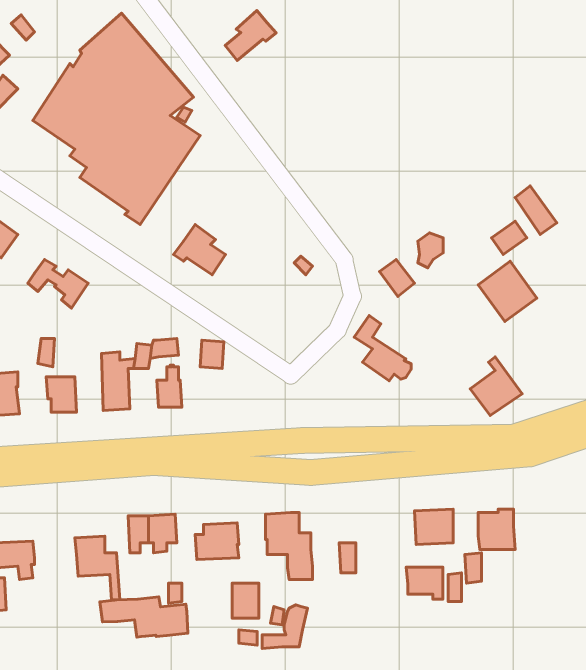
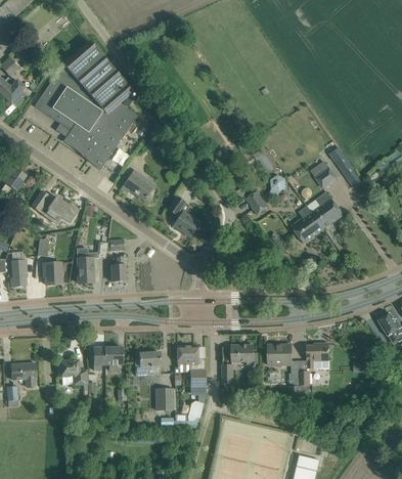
building: [225,10,276,60] -> none
building: [354,315,411,381] -> [168,195,203,235]
building: [470,357,522,416] -> [292,206,323,242]
building: [406,567,443,599] -> [231,344,254,363]
building: [100,597,188,637] -> none

